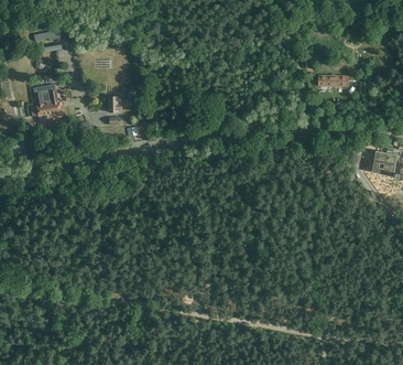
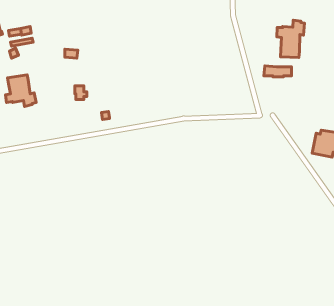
building: none -> [277,20,305,57]

